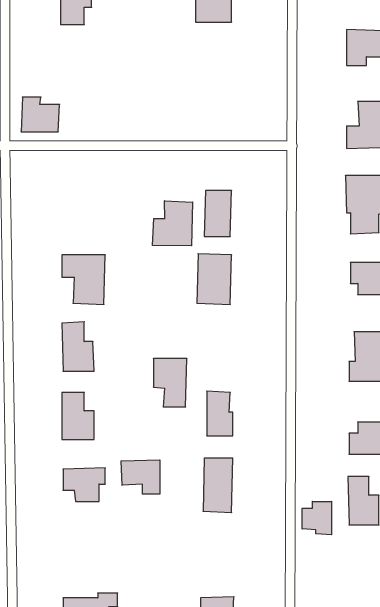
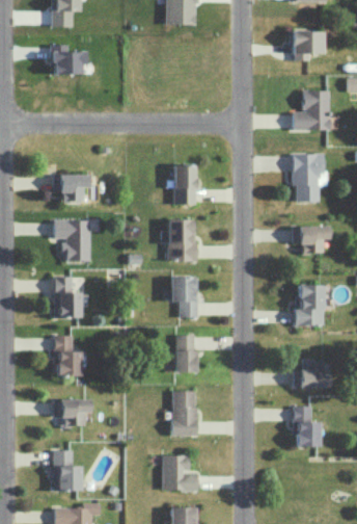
building: [21,97,60,132] -> [52,45,84,74]
building: none -> [53,174,89,201]
building: [152,201,193,246] -> none
building: [153,359,187,407] -> [170,277,198,317]
building: [121,460,160,494] -> none
building: [302,501,332,535] -> none
building: none -> [54,450,82,490]
building: none -> [163,454,198,491]

